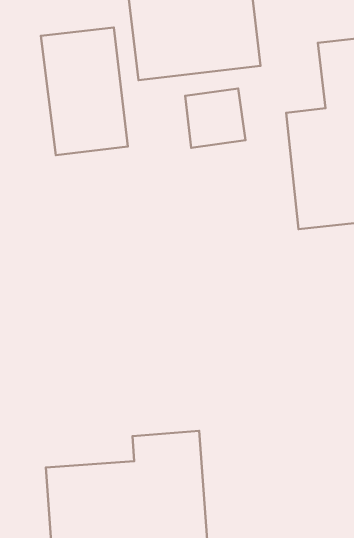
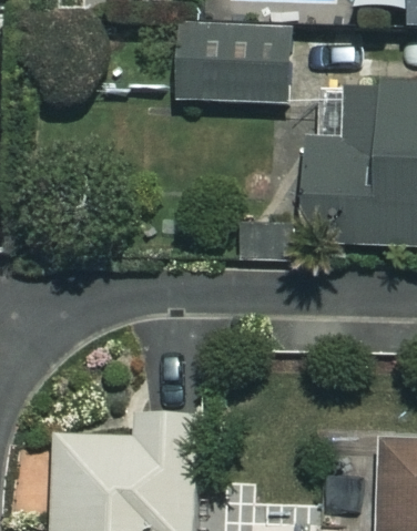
building: [41,27,128,155] -> none

